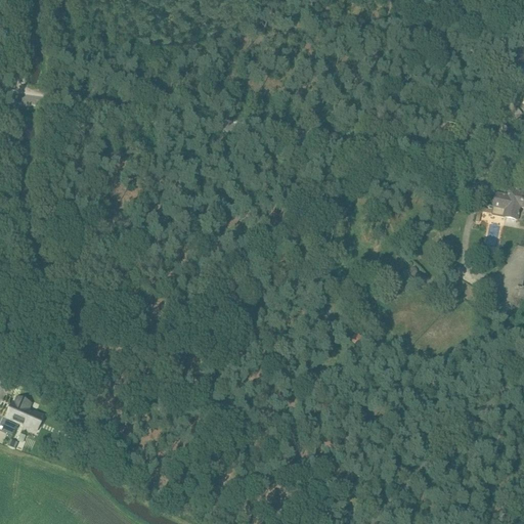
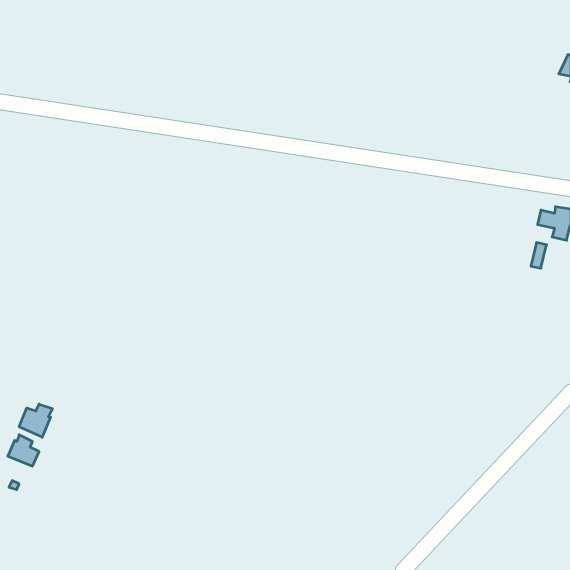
building: none -> [19,404,52,437]

